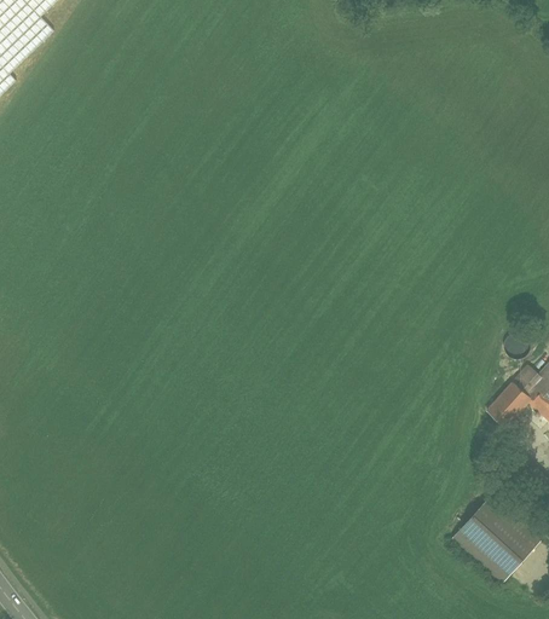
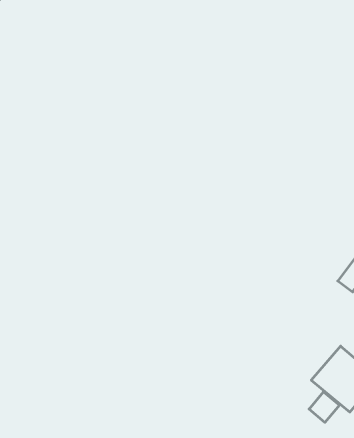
building: none -> [309,392,339,422]

